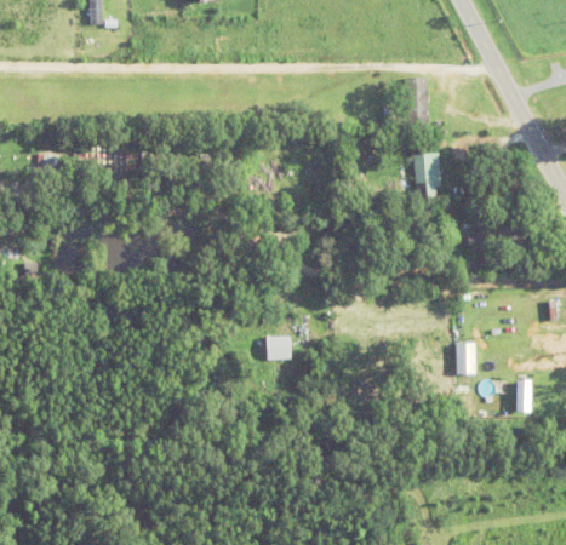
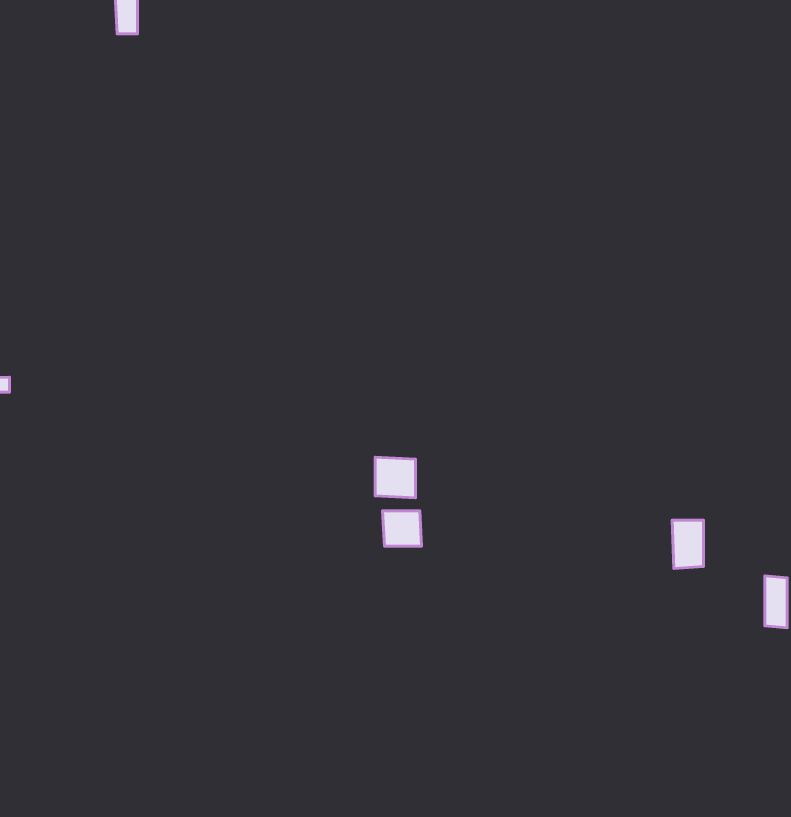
building: [413,153,444,197] -> none
building: none -> [375,457,416,498]

